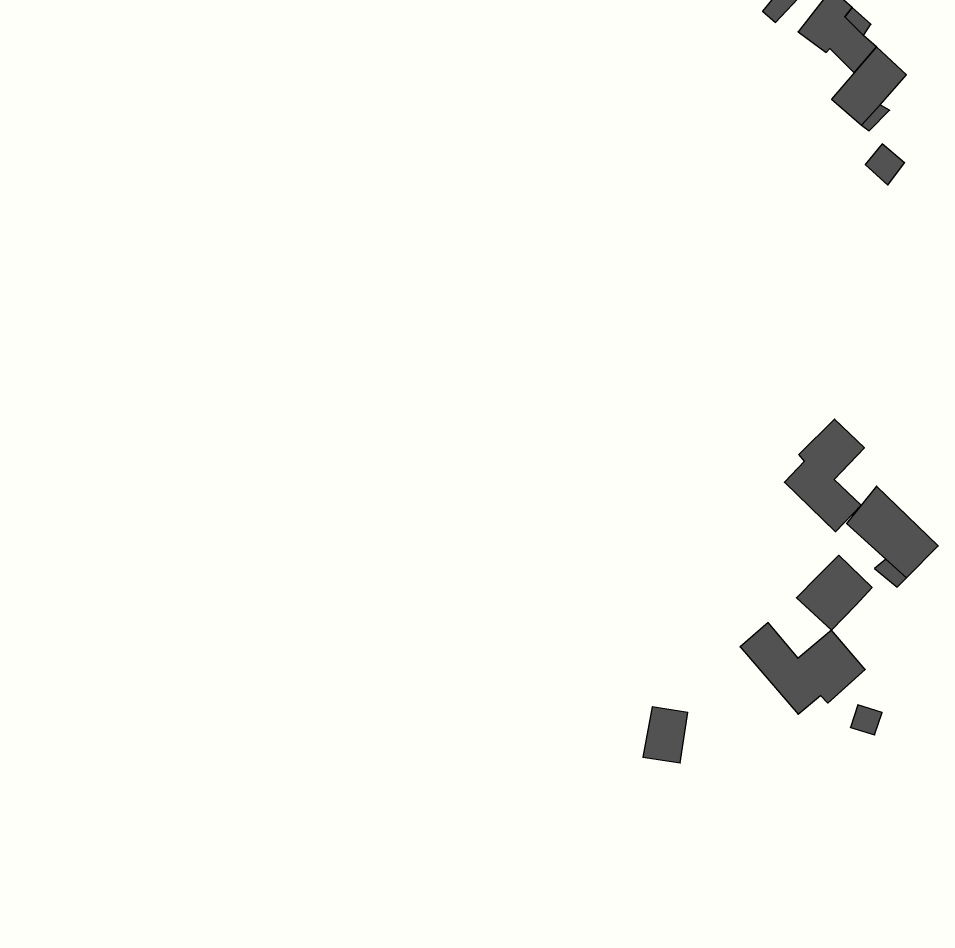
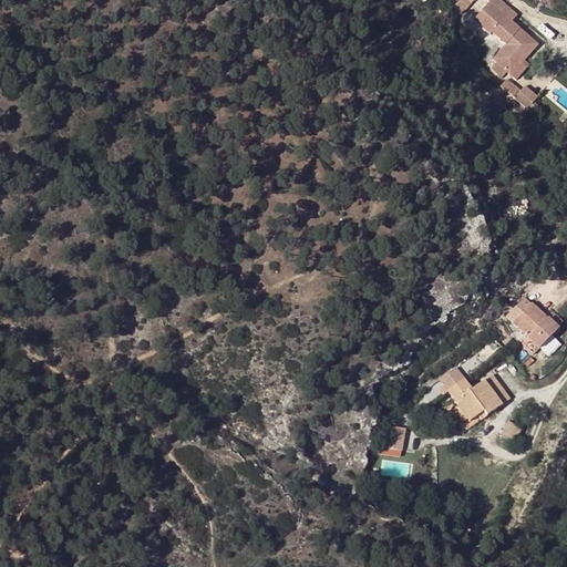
building: [784,419,864,532] -> none
building: [796,555,872,630] -> none

